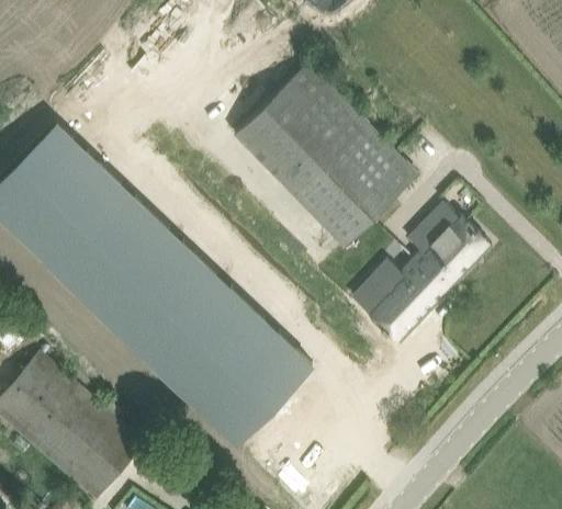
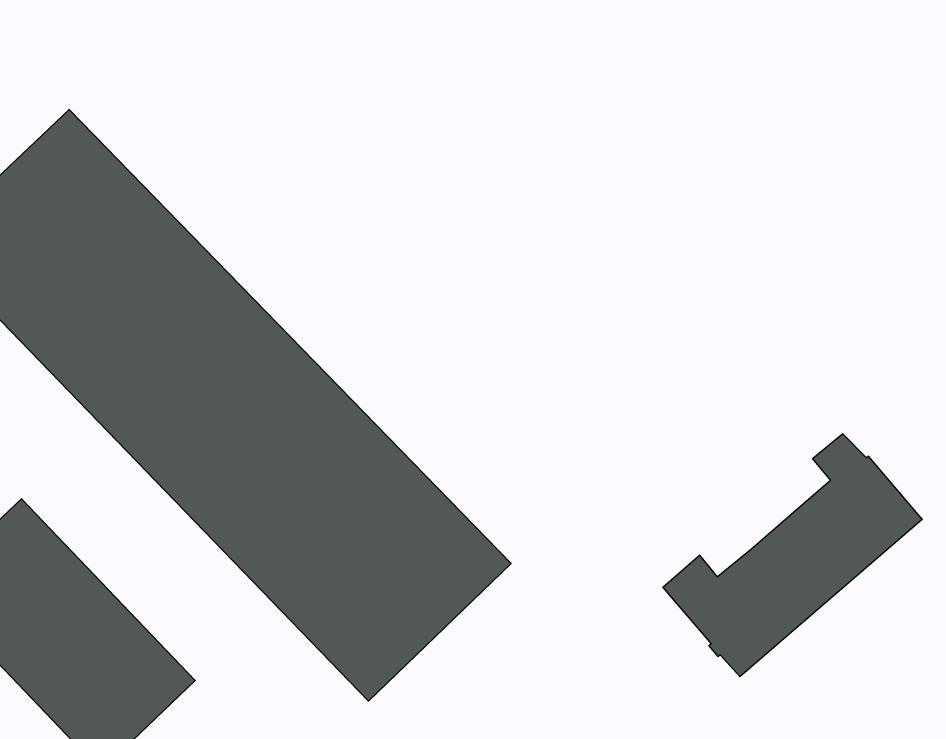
building: [234,58,419,245] -> none
building: [352,202,492,341] -> [663,434,922,677]

